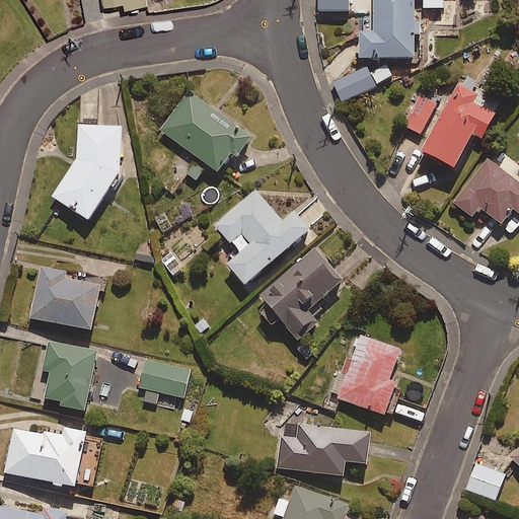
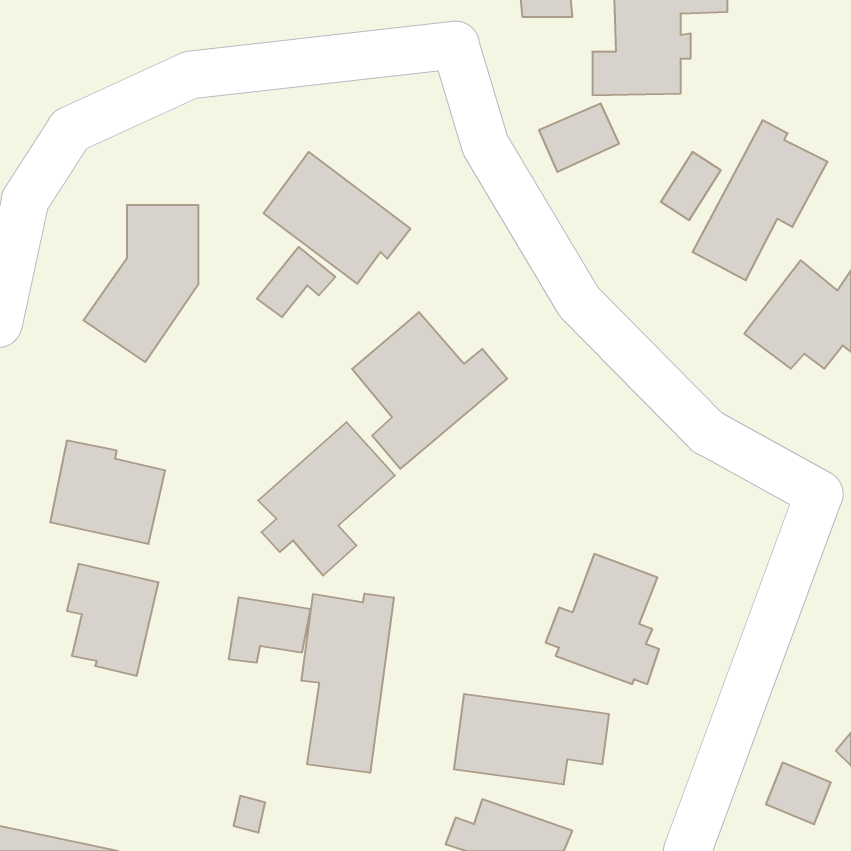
building: [258,248,342,342] -> [258,422,395,576]
building: none -> [302,593,394,773]
building: [4,429,85,487] -> none

